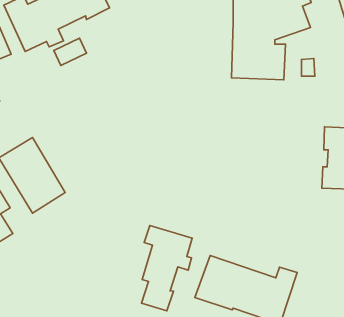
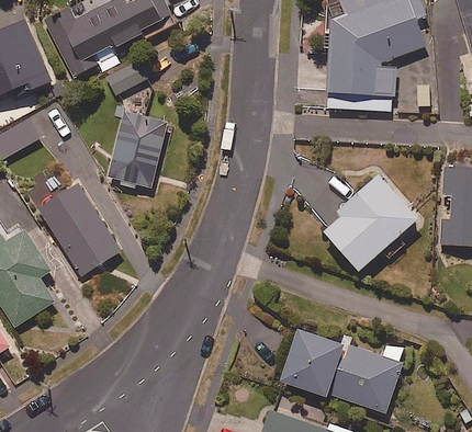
building: none -> [105,110,168,189]
building: none -> [321,175,415,272]
building: [141,226,192,311] -> none

